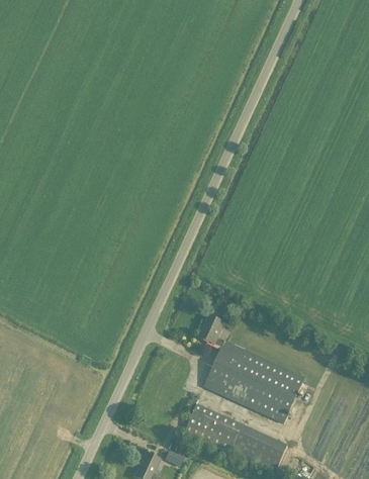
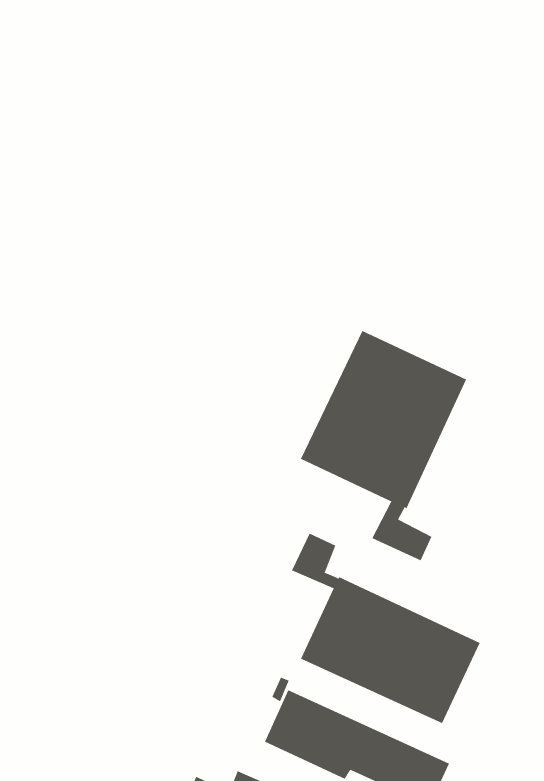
building: none -> [300,330,467,561]

